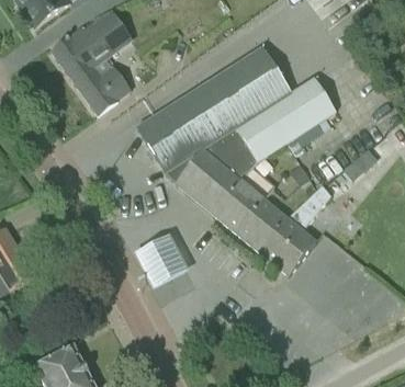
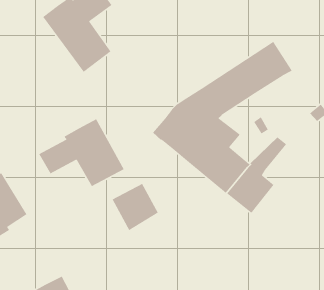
building: [136,46,291,172] -> none
building: none -> [38,118,125,187]

